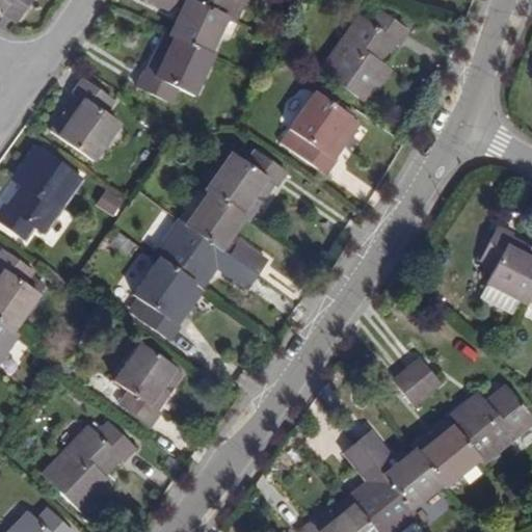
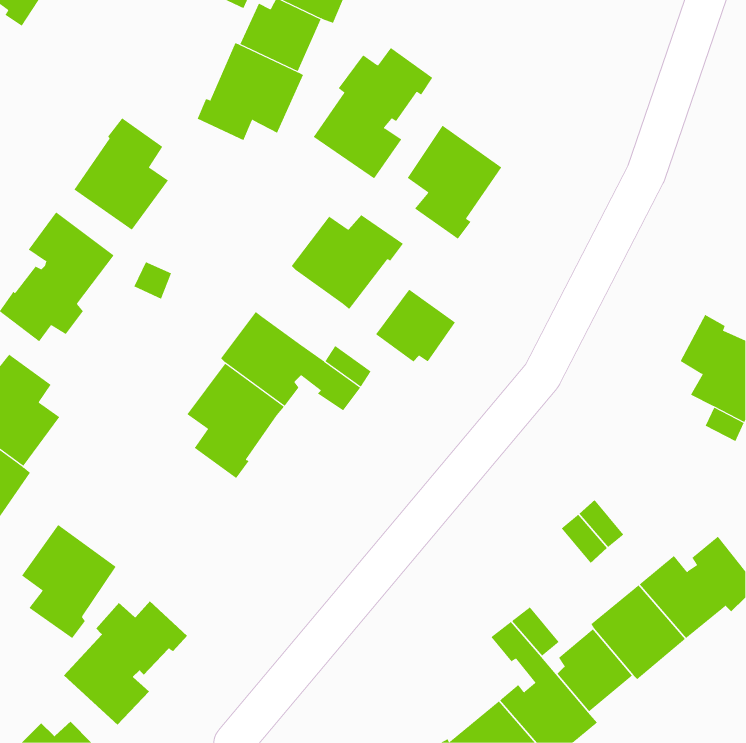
building: [324,8,409,102] -> [313,47,433,179]
building: [185,191,242,243] -> [375,289,456,362]
building: [112,345,180,426] -> [21,524,117,639]

